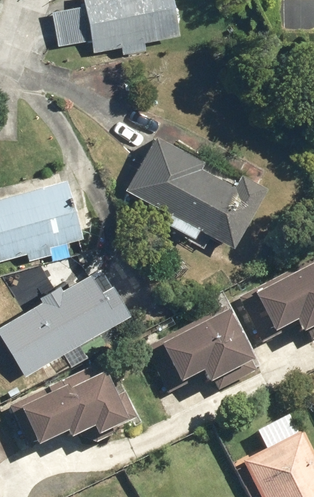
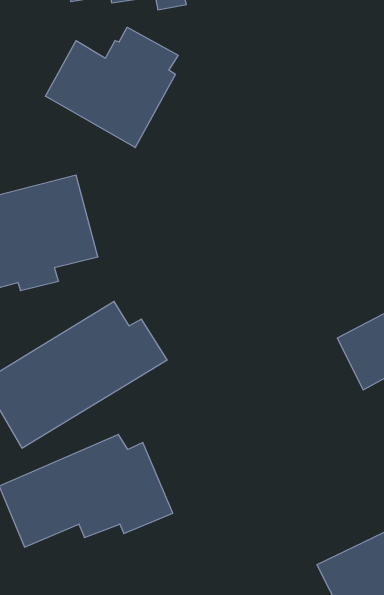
building: none -> [45,27,178,148]
building: [116,126,266,244] -> none
building: [164,310,258,389] -> none

